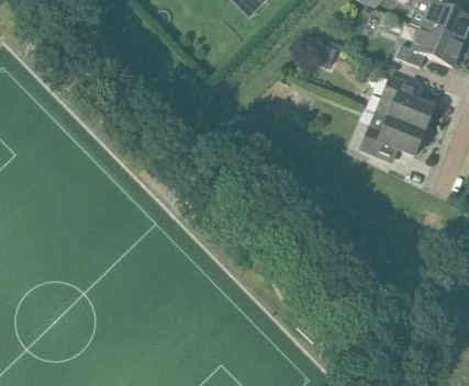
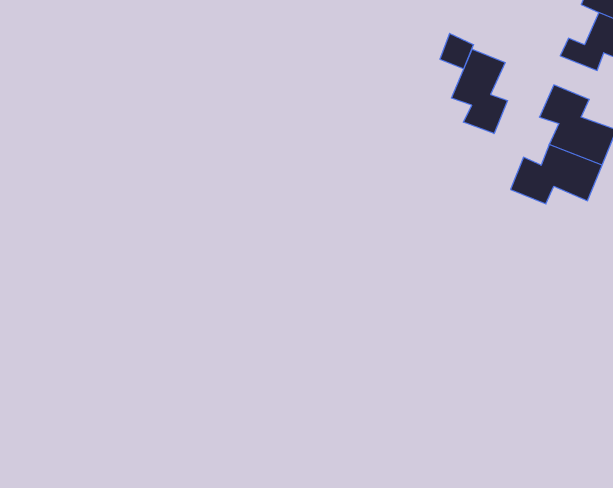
building: none -> [452,49,508,134]

